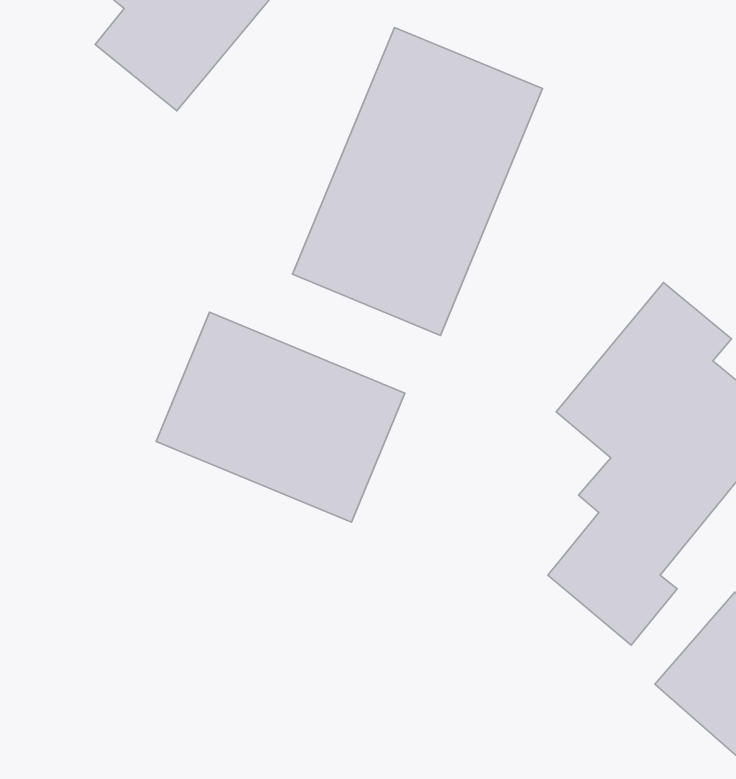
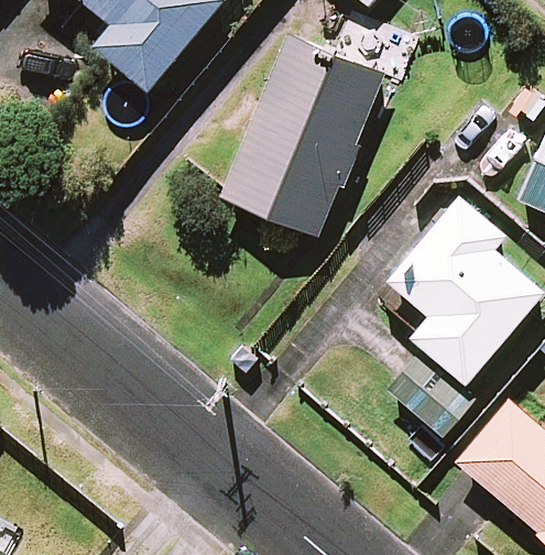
building: [156,312,405,522] -> none

